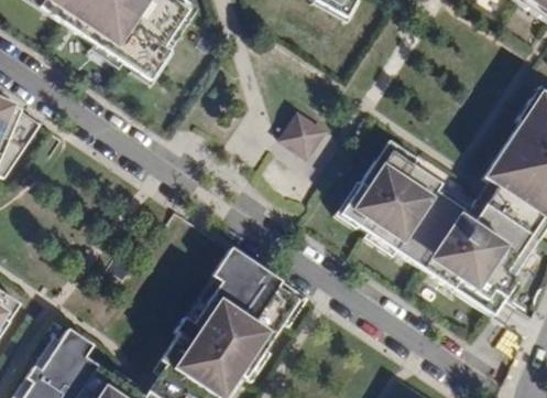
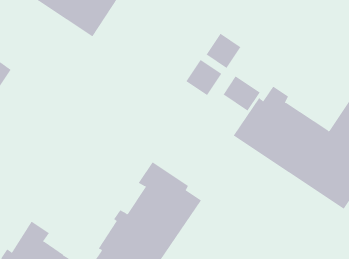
building: none -> [206,33,241,69]
building: none -> [223,75,260,111]

